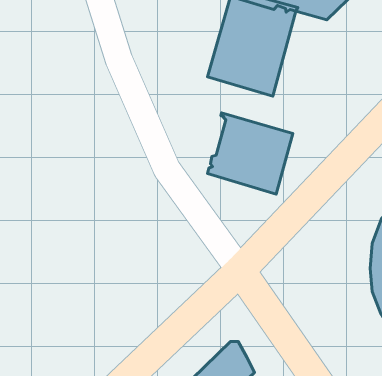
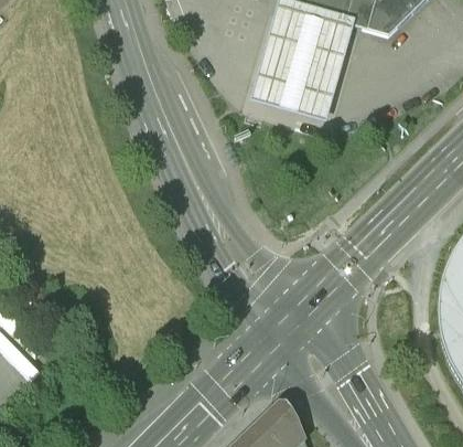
building: [207,113,293,194] -> none

